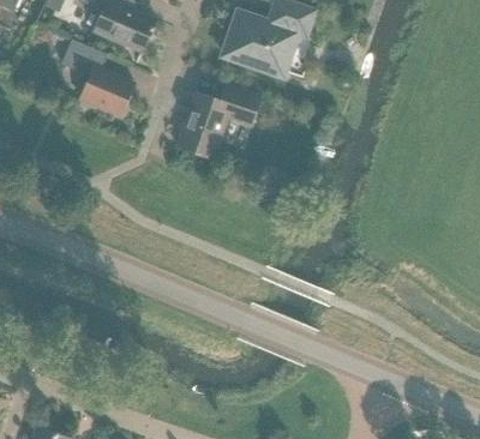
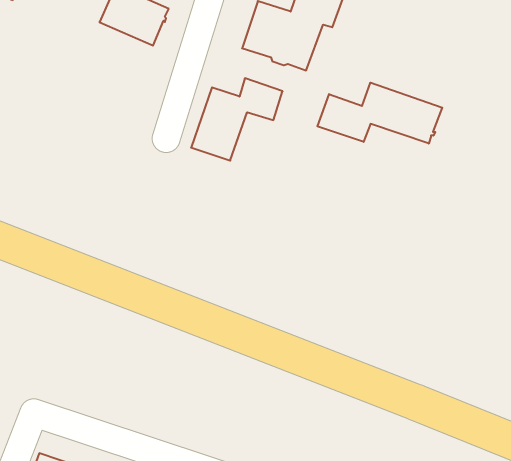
building: [62,41,136,118] -> none
building: none -> [317,83,442,144]

